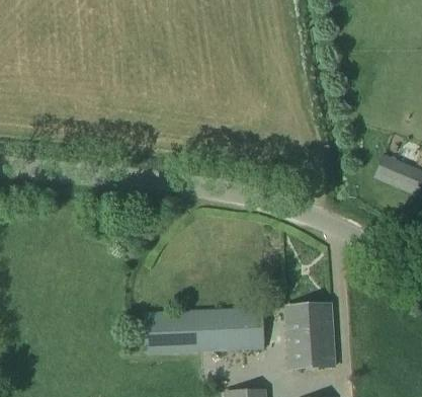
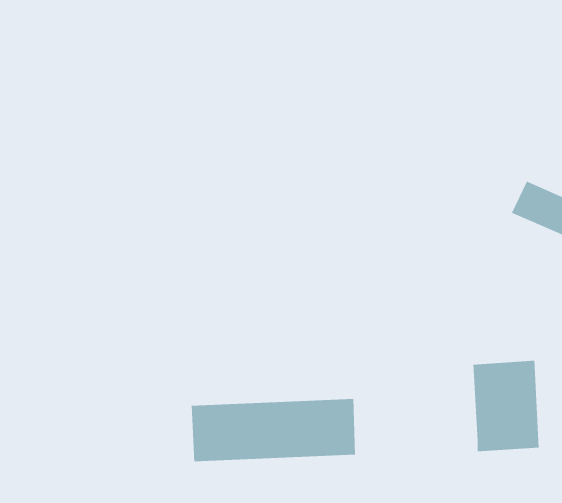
building: [286,304,334,370] -> [473,360,539,452]

